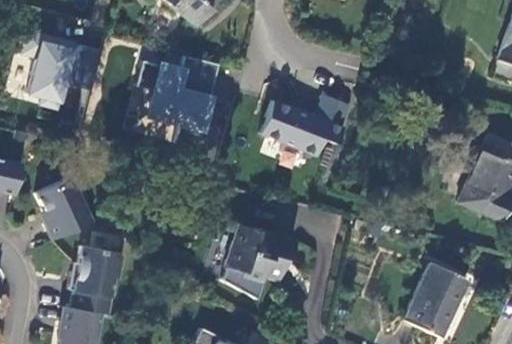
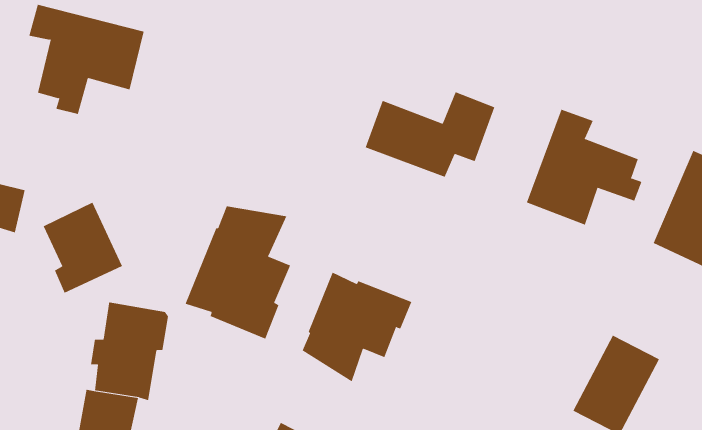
building: [140,59,224,152] -> none
building: none -> [526,109,642,225]
building: none -> [185,206,291,340]

